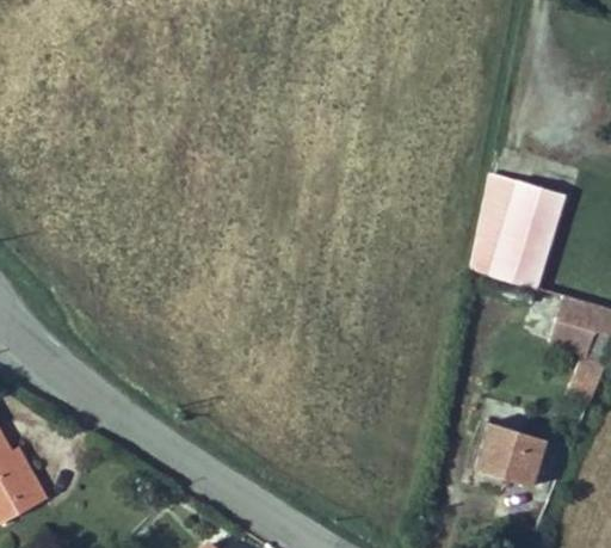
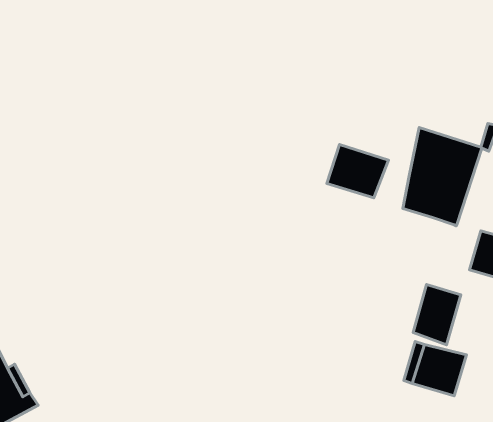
building: none -> [327,144,389,198]
building: none -> [413,285,461,345]

